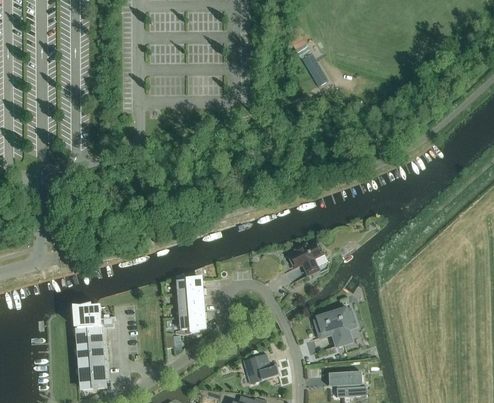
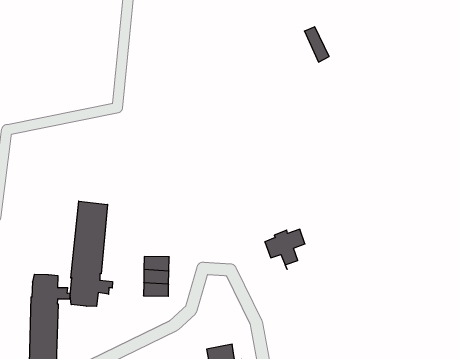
building: none -> [70,201,112,306]
building: [314,306,354,345] -> none
building: [174,314,204,333] -> none

